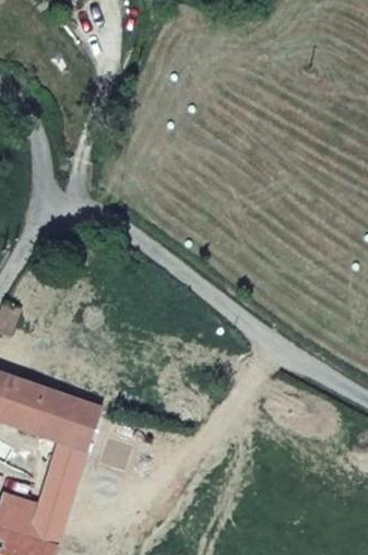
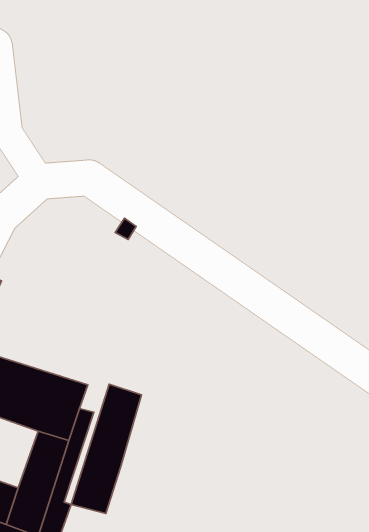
building: none -> [71,384,141,513]

